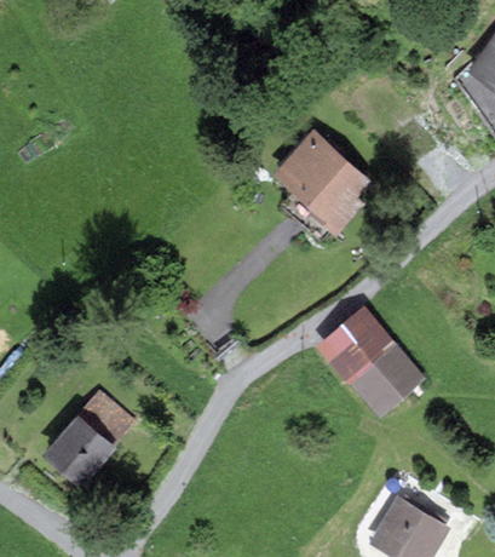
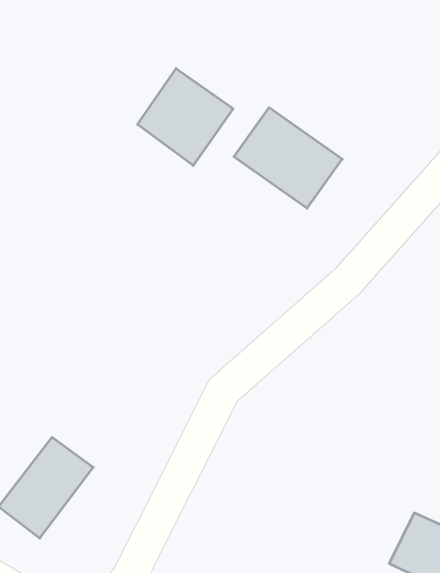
building: none -> [138,68,233,166]
building: [320,309,421,415] -> none

